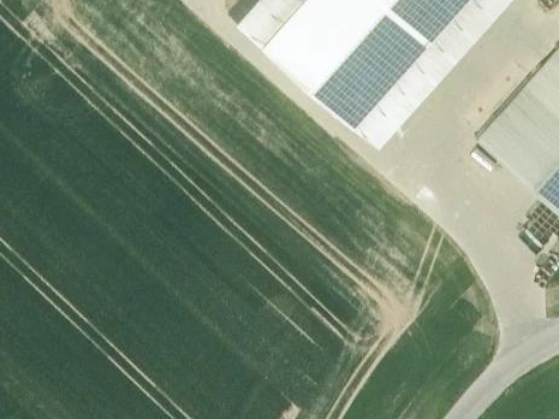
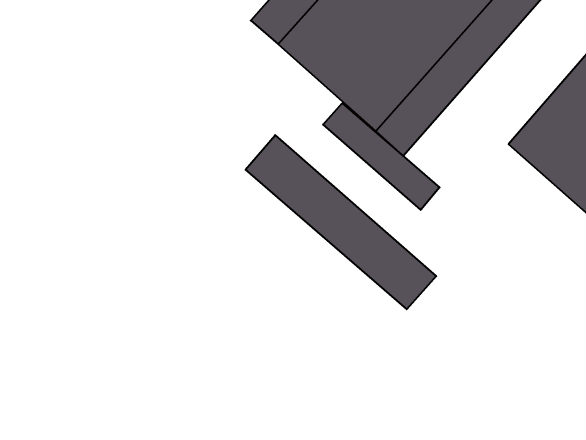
building: none -> [323,103,440,210]
building: none -> [246,135,436,309]

